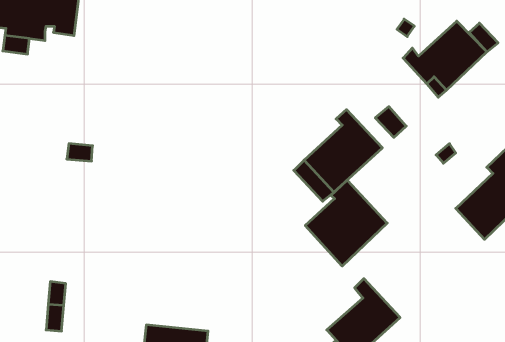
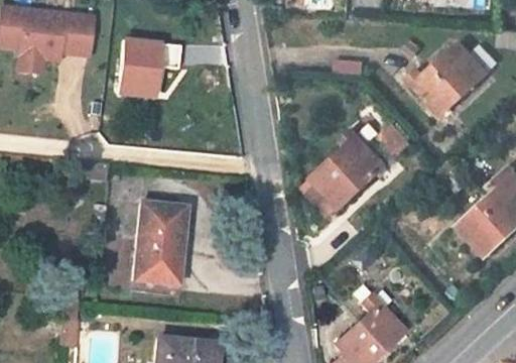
building: none -> [117,39,161,98]
building: [305,180,387,266] -> none
building: none -> [133,203,186,284]

